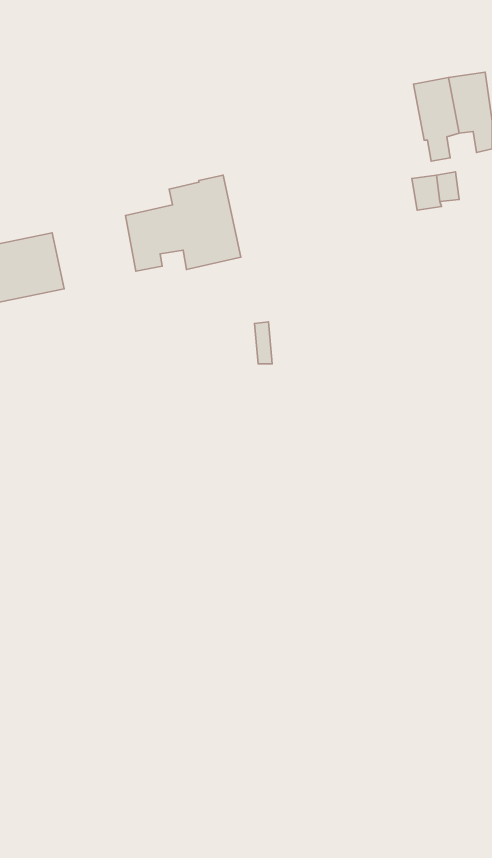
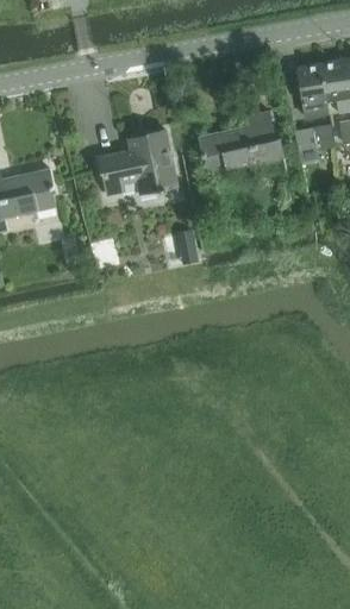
building: none -> [199,111,286,176]

